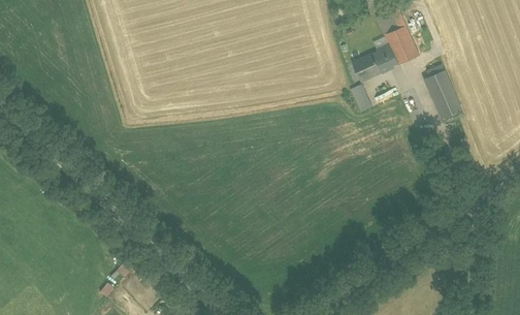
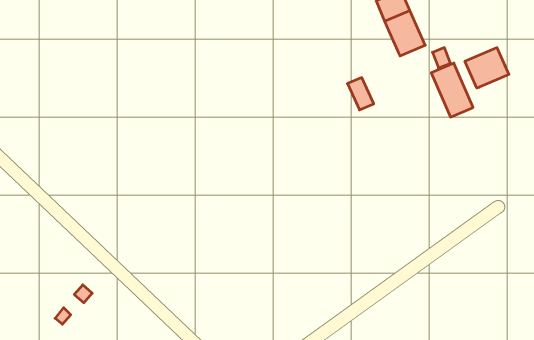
building: [352,44,396,82] -> none
building: none -> [465,48,509,88]

